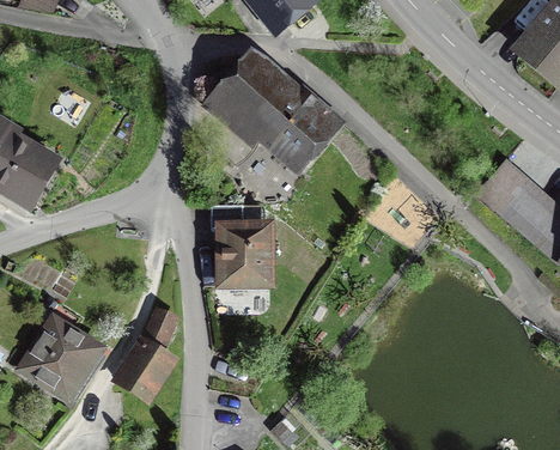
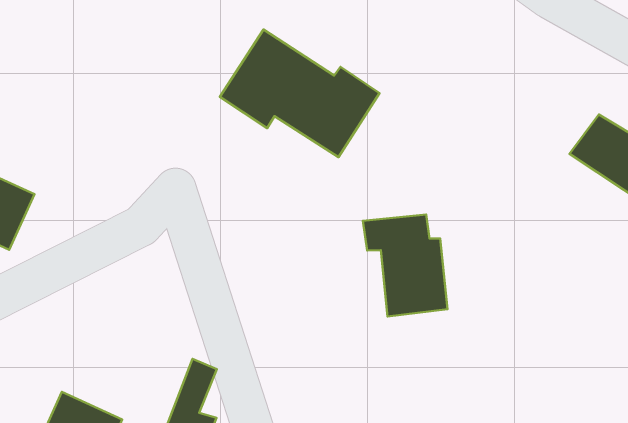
building: [212,203,270,282] -> [363,215,448,316]

